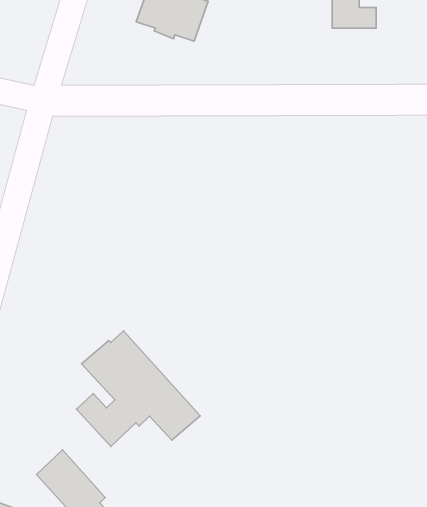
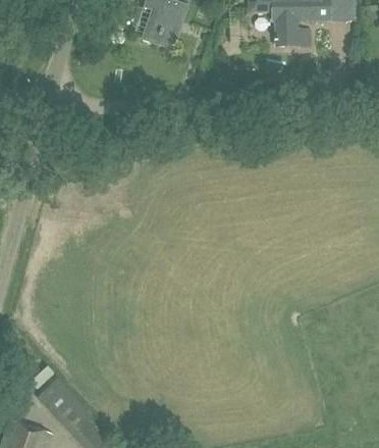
building: [76,331,200,446] -> none

